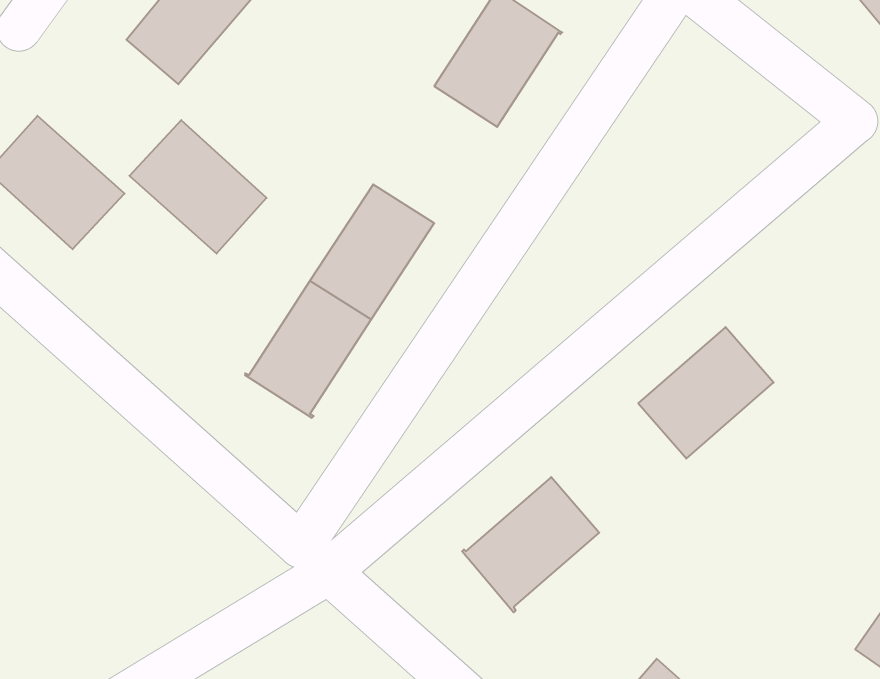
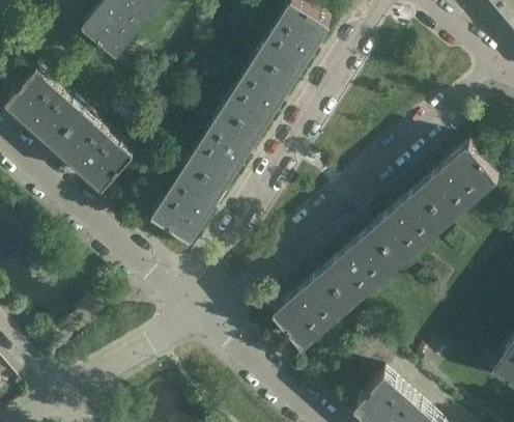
building: none -> [223,56,292,133]
building: [129,120,267,254] -> [55,116,132,191]
building: none -> [420,147,497,222]
building: none -> [322,233,398,306]

